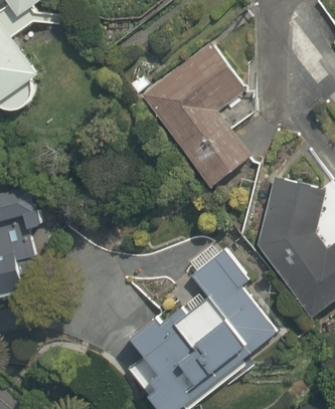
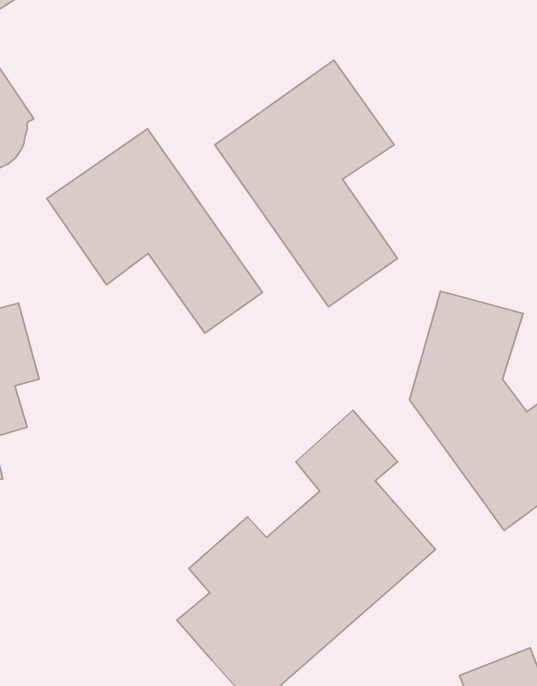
building: none -> [47,129,262,333]

